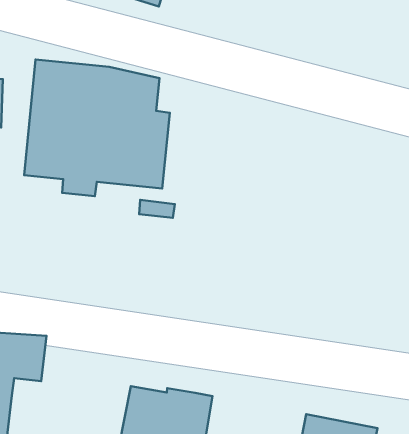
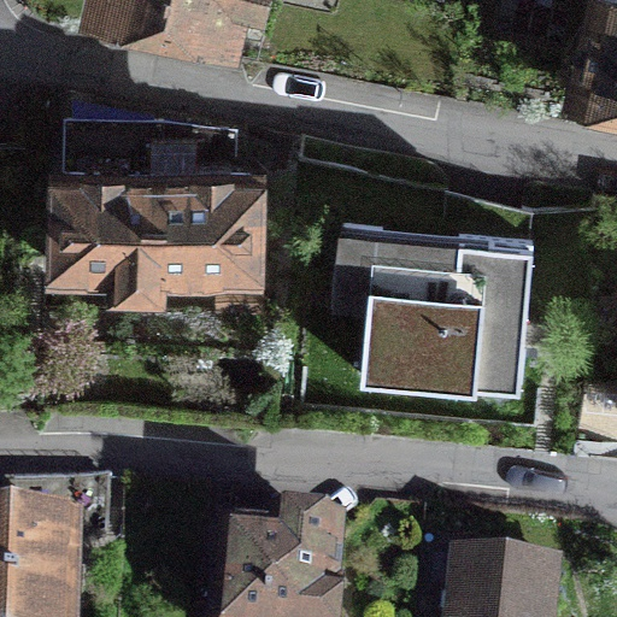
building: none -> [331,227,533,392]

